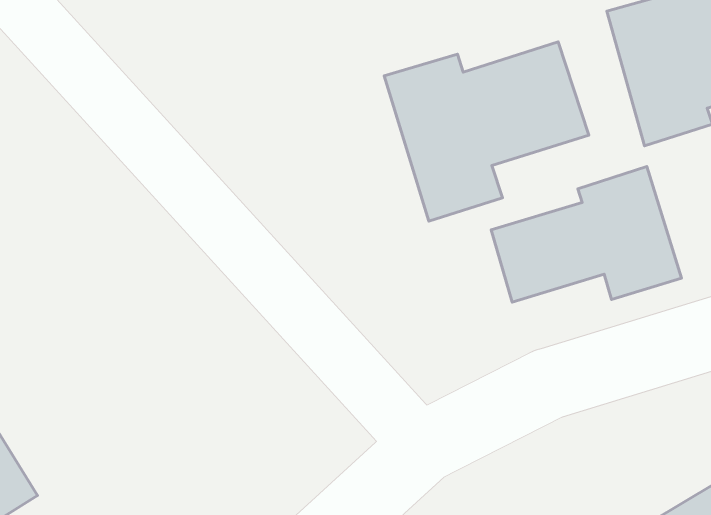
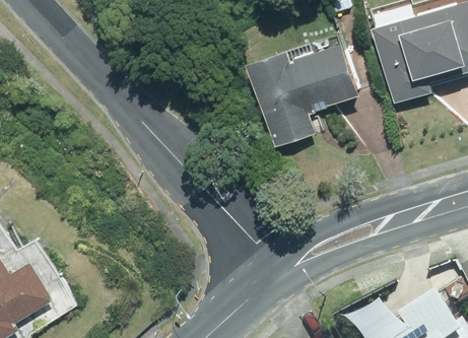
building: [491,167,681,302] -> none

